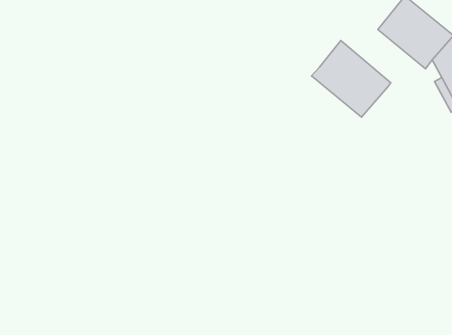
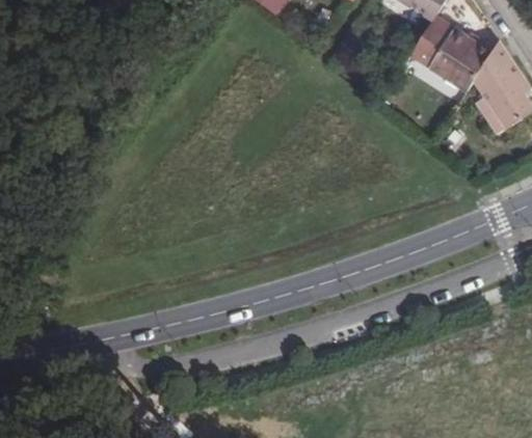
building: [312,40,391,117] -> none

